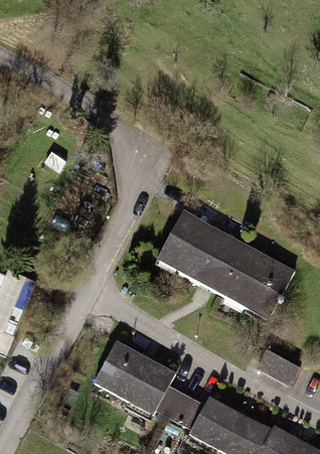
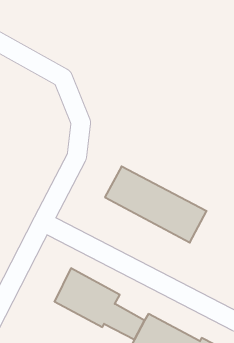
building: [257,350,302,388] -> none

